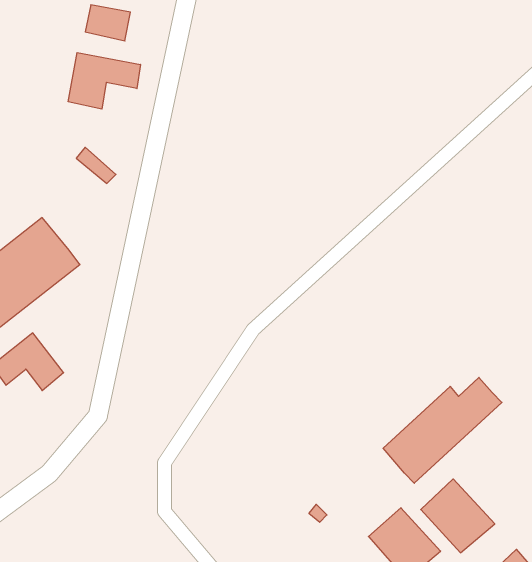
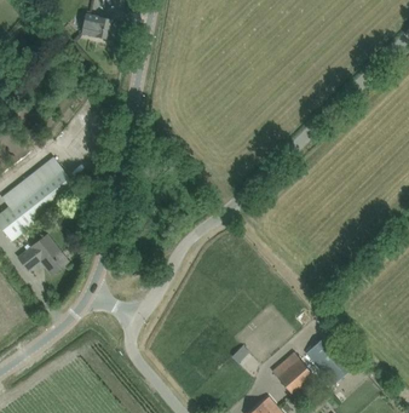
building: [68,53,140,109] -> none
building: [383,377,502,483] -> none

